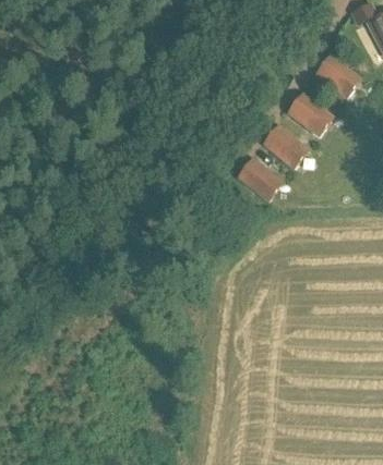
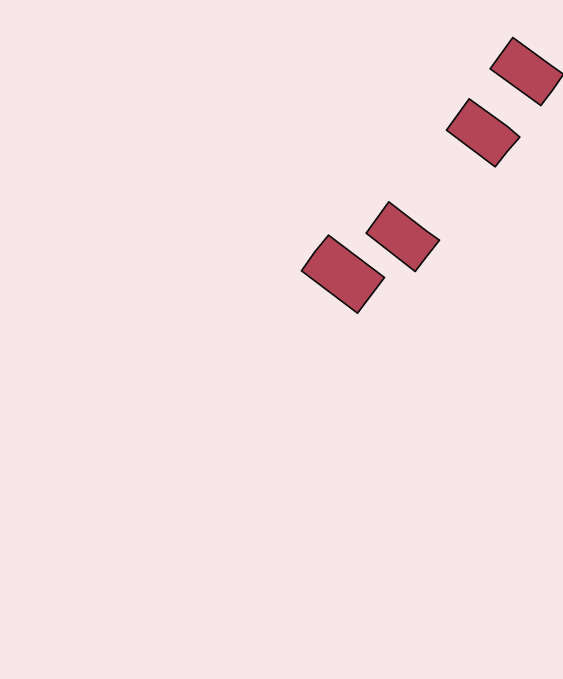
building: [263,124,309,168] -> none
building: none -> [301,235,385,313]

